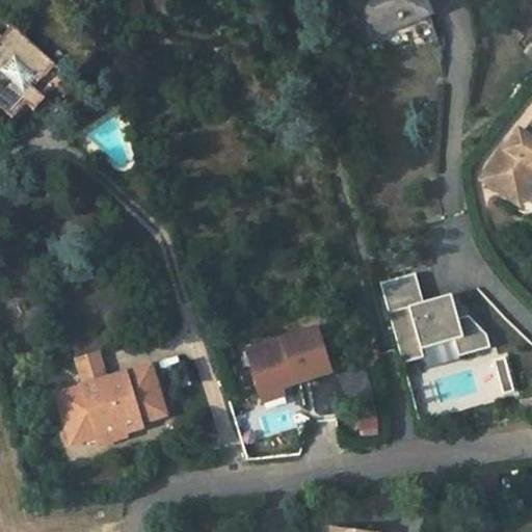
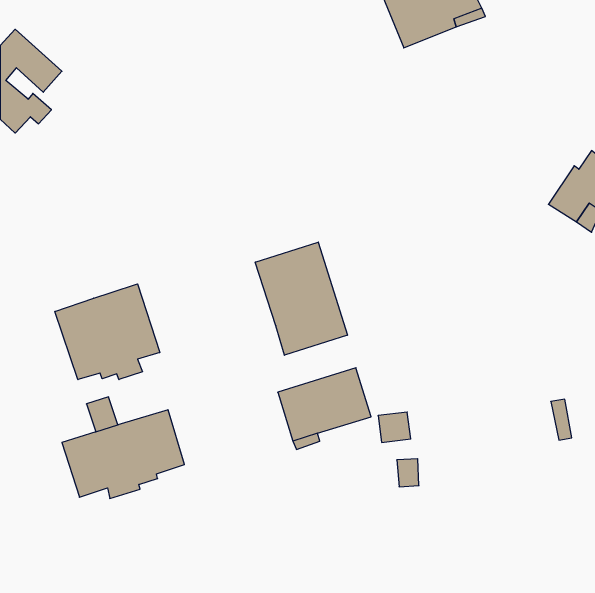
building: none -> [255,242,347,355]
building: none -> [55,284,160,380]
building: [378,270,489,362] -> none

